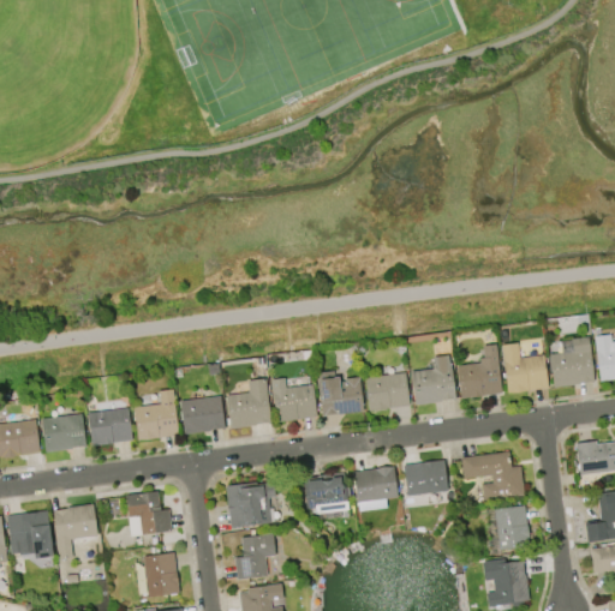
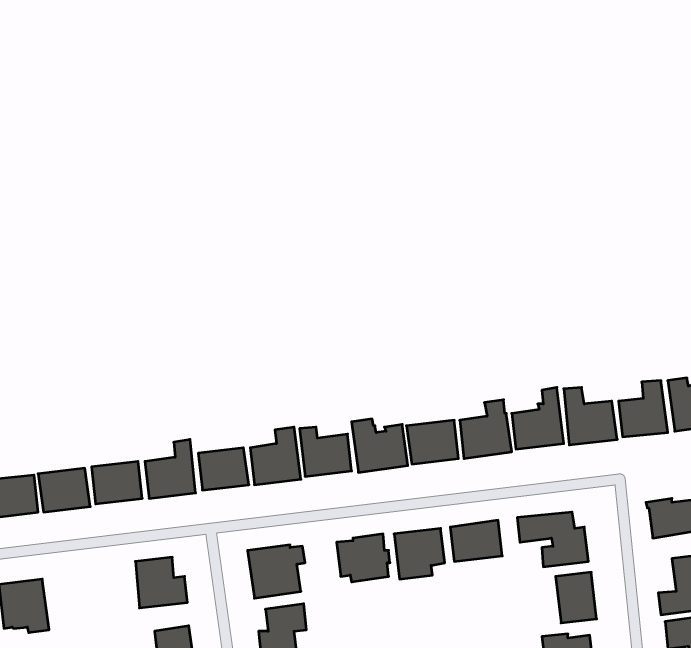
building: [53,504,98,559] -> none

